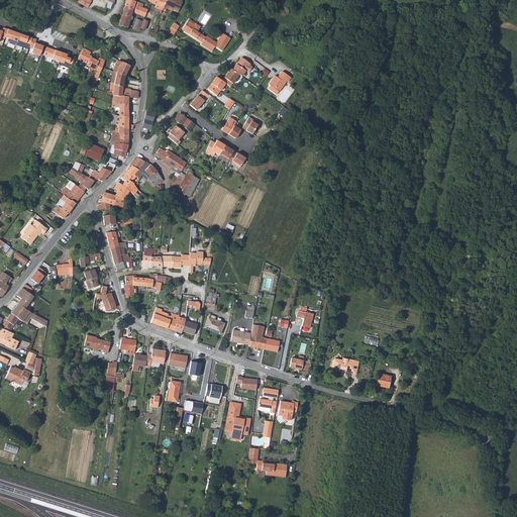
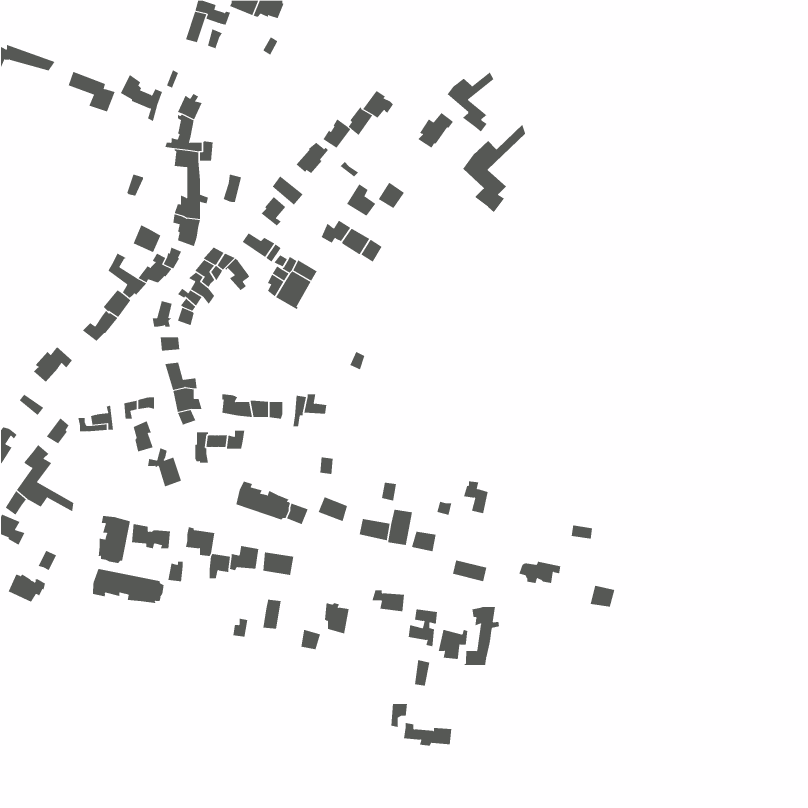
building: [181,20,229,49] -> none
building: none -> [447,72,494,133]
building: none -> [462,124,526,213]
building: none -> [98,515,131,564]
building: none -> [92,568,164,604]
building: none -> [464,606,499,666]
building: [223,402,248,440] -> none

